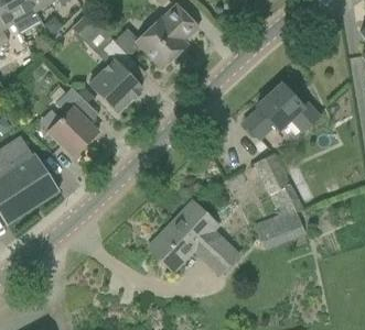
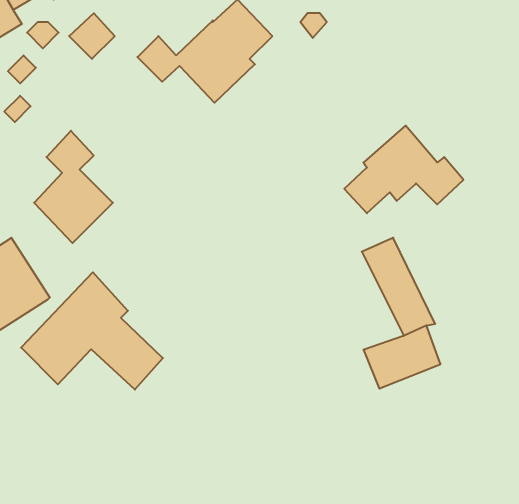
building: [89,39,142,112] -> none
building: [148,200,237,274] -> [21,272,163,390]

